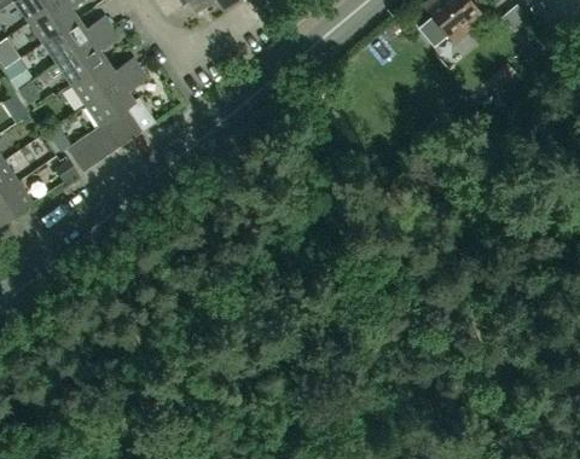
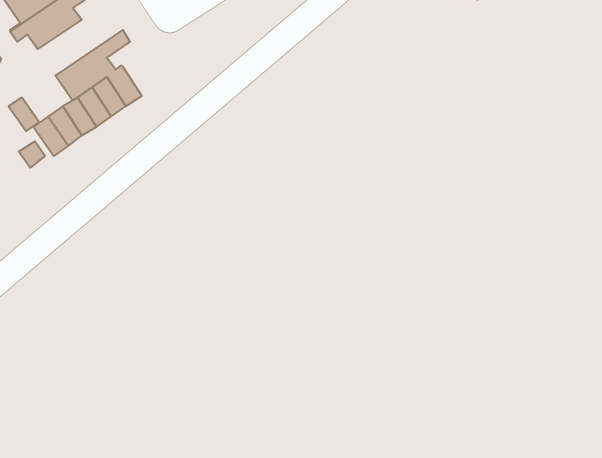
building: [70,58,140,106] -> none

